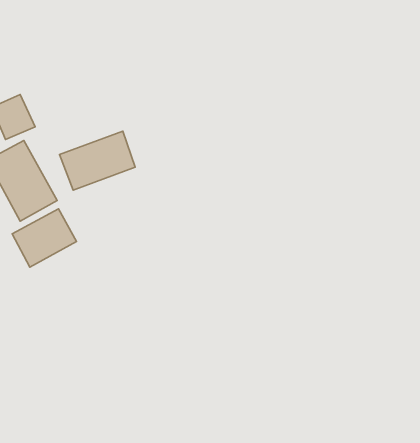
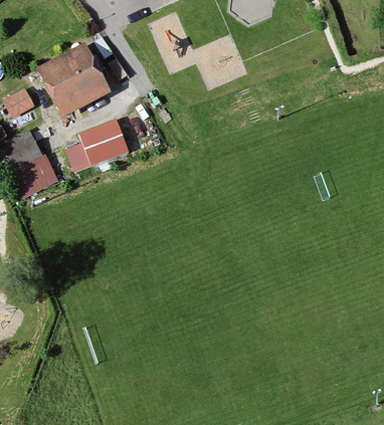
building: none -> [32,42,106,114]
building: [12,209,77,267] -> none

